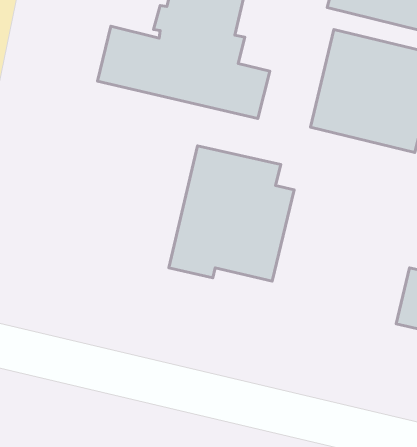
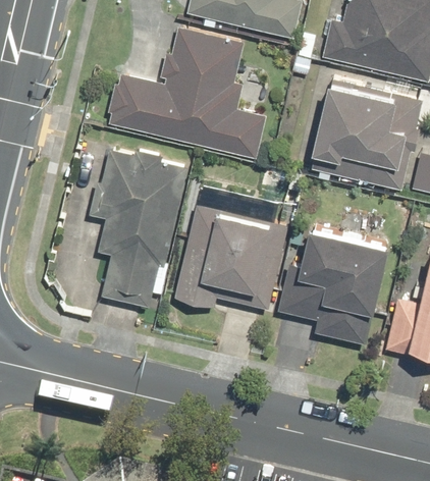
building: none -> [88,149,187,310]
building: none -> [276,225,387,345]

